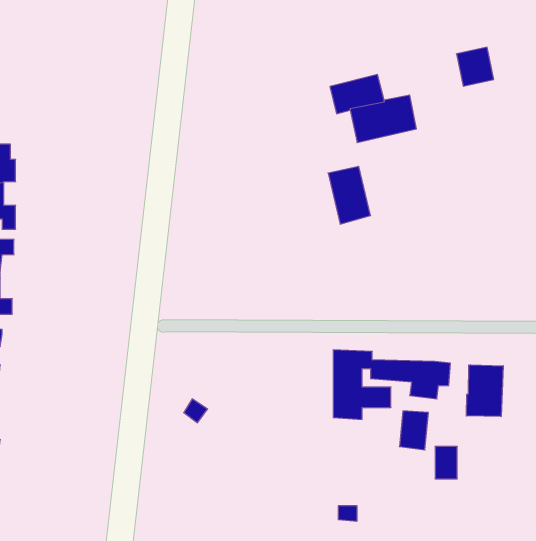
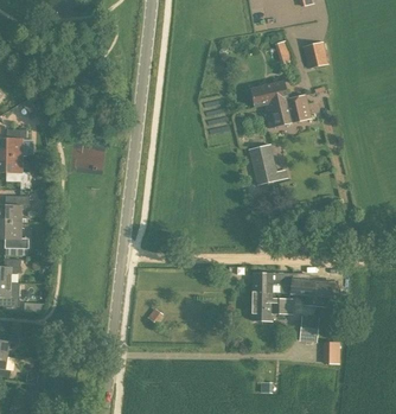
building: [456,47,494,86] -> [301,40,327,68]
building: [466,365,503,417] -> none

